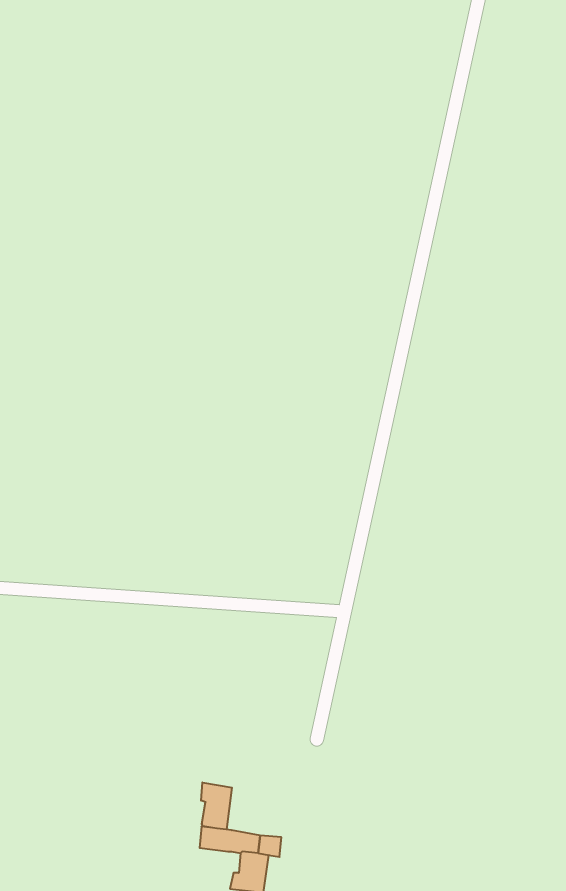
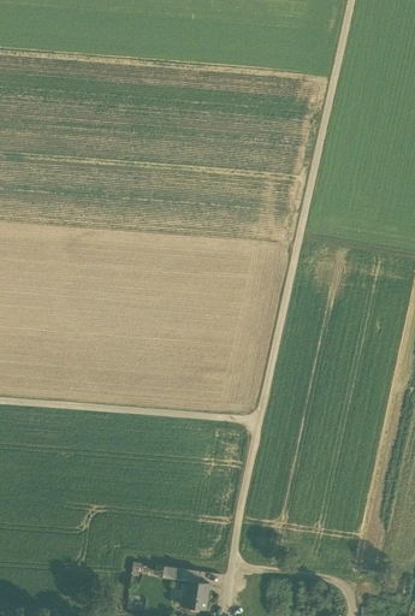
building: [201,782,232,829] -> none

